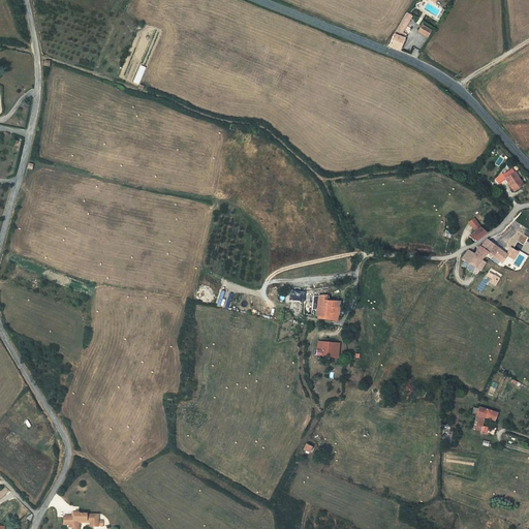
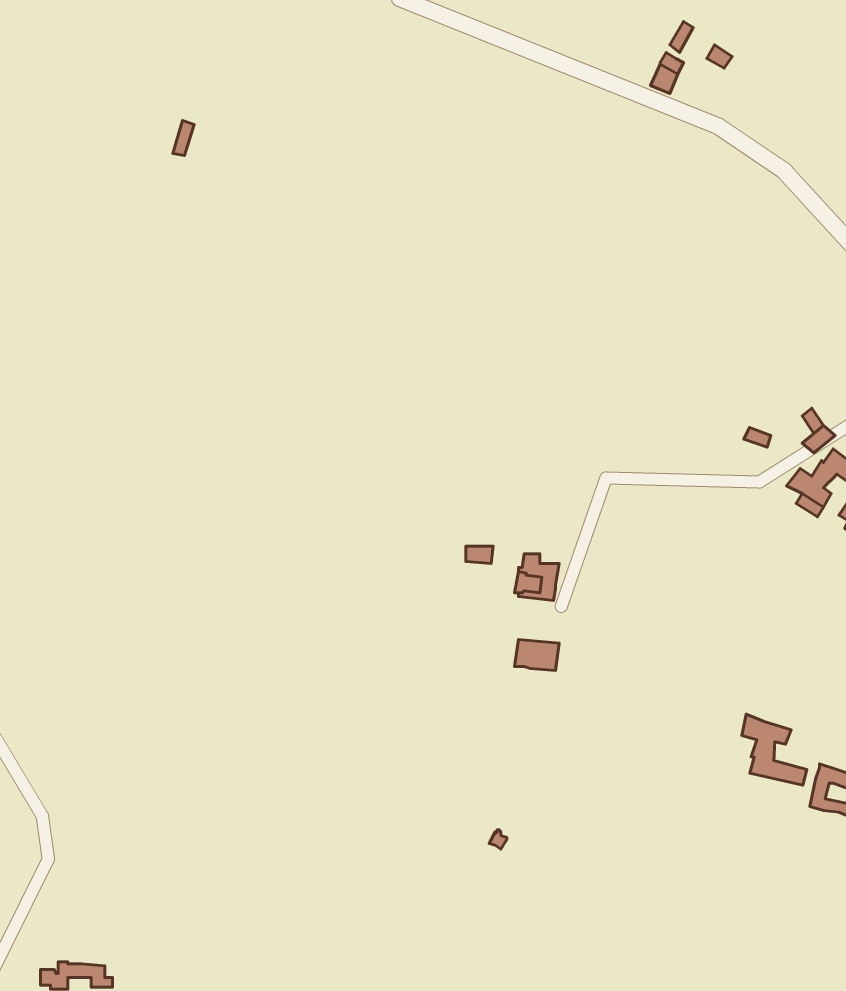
building: none -> [742,714,807,785]

